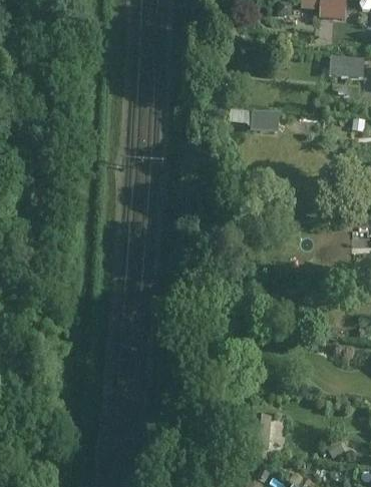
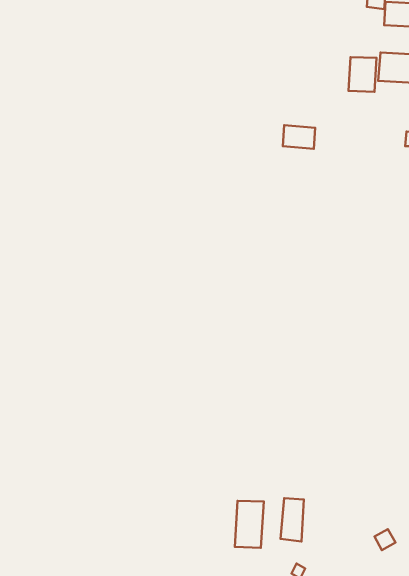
building: none -> [348,57,376,92]
building: none -> [235,501,264,548]

